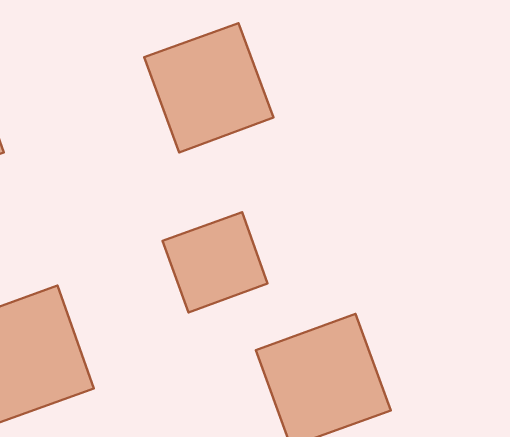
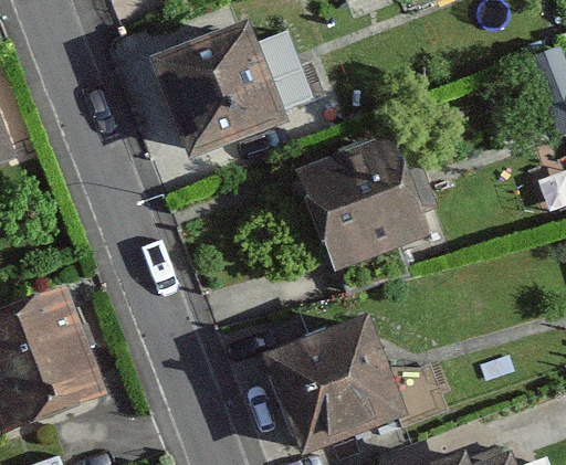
building: none -> [298,138,426,285]
building: [162,212,268,313] -> none

